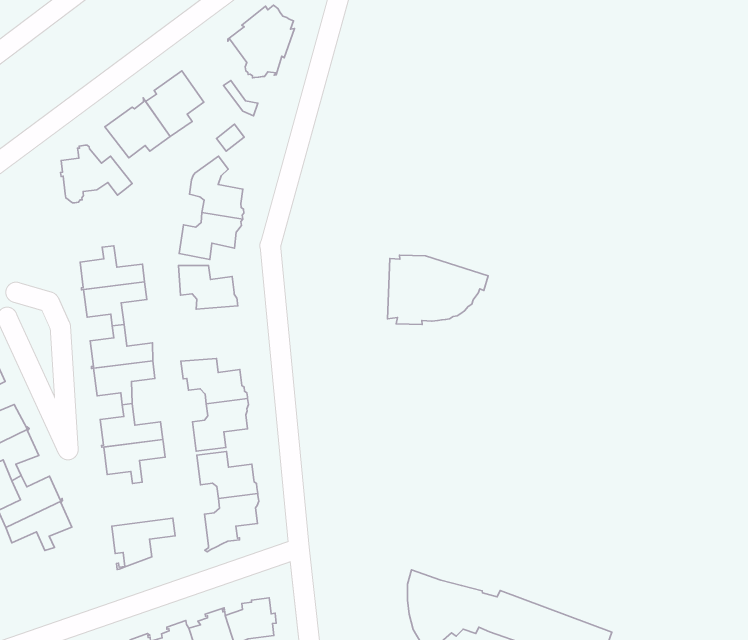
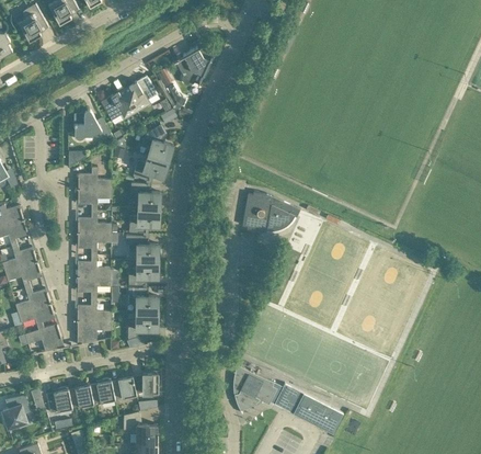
building: none -> [128,207,160,232]
building: none -> [76,298,110,320]
building: none -> [24,324,64,351]

